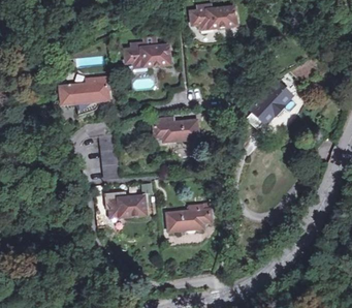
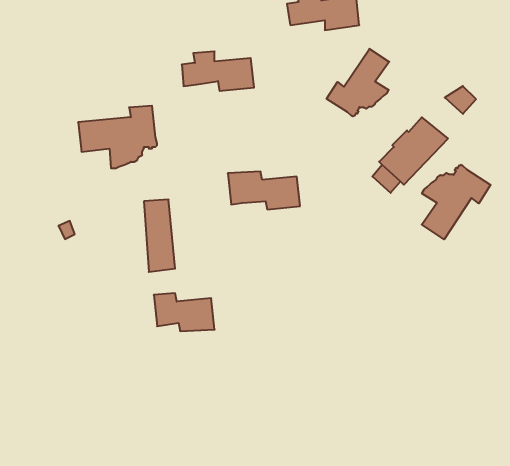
building: none -> [327,49,389,116]
building: none -> [422,165,491,239]
building: [166,204,211,233] -> none

